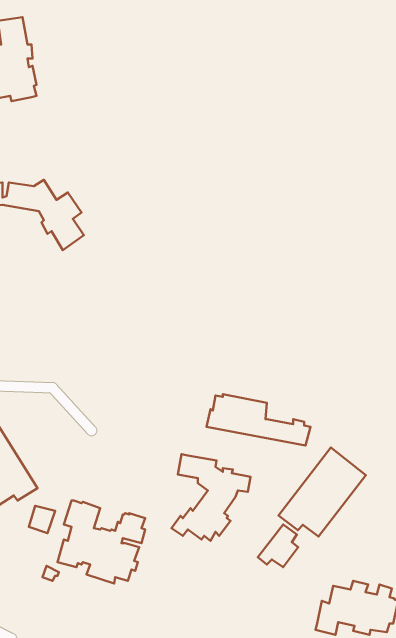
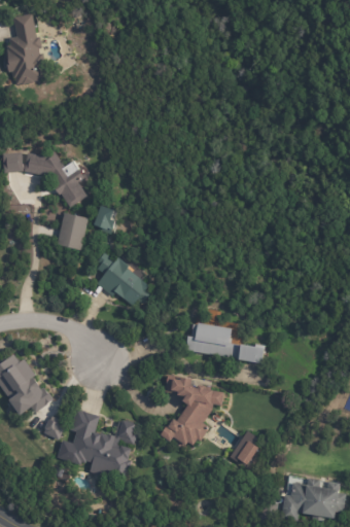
building: none -> [93,203,114,233]
building: none -> [55,211,88,249]
building: none -> [99,254,154,308]
building: [278,447,366,536] -> none

